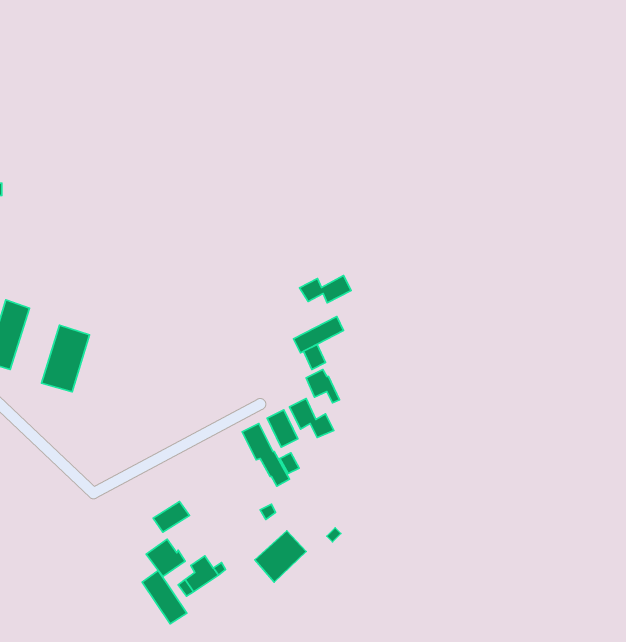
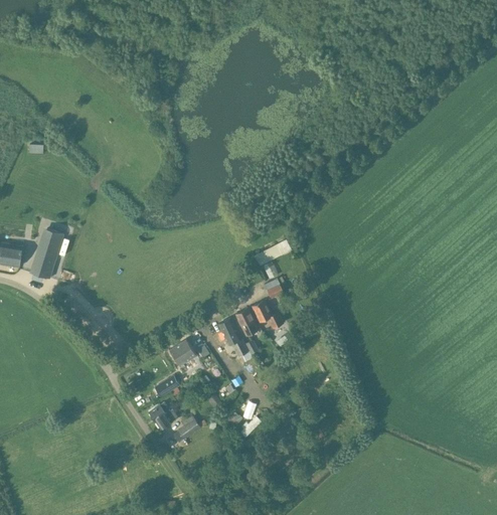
building: [299,276,351,303] -> none
building: [41,325,89,392] -> none
building: none -> [168,340,194,373]
building: [142,570,187,624] -> none

